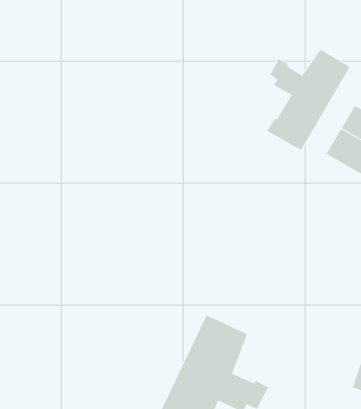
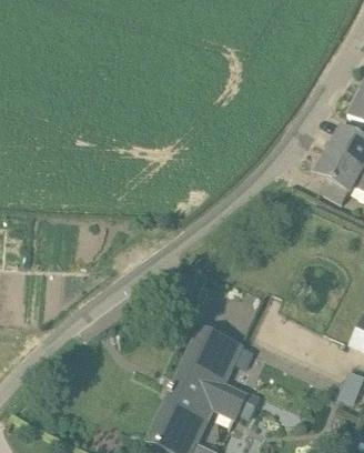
building: [266,49,350,151] -> none

